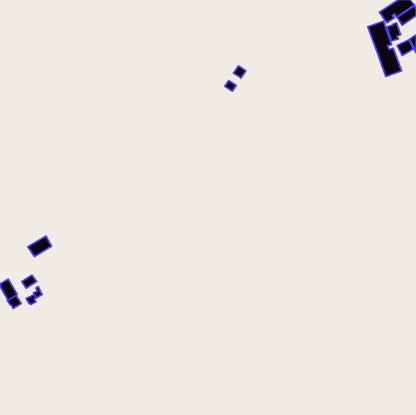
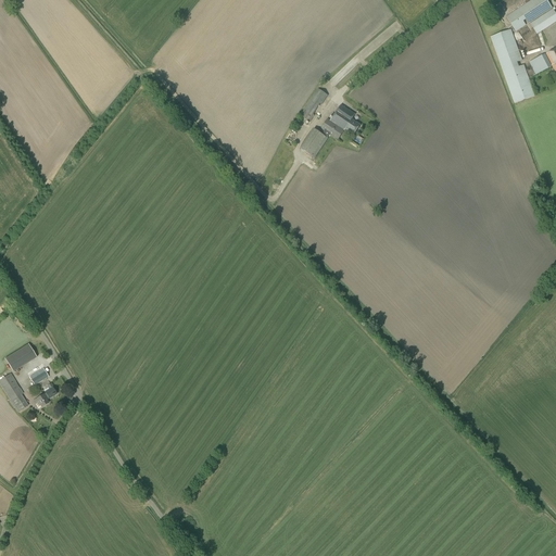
building: none -> [301,103,359,157]
building: [28,236,52,257] -> [4,343,36,370]

